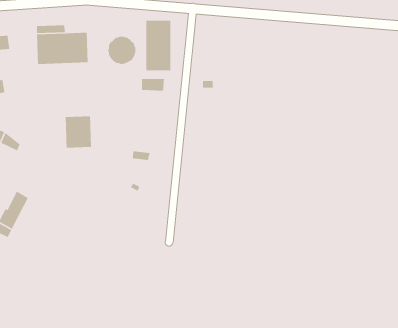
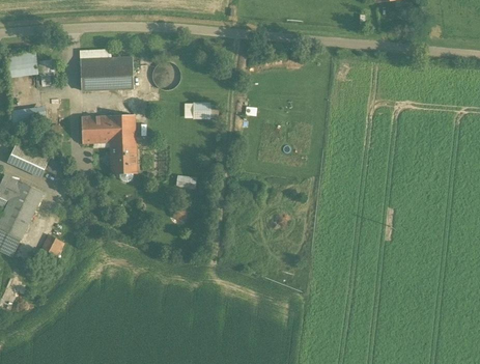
building: [145,20,171,71] -> none
building: none -> [81,114,135,143]

